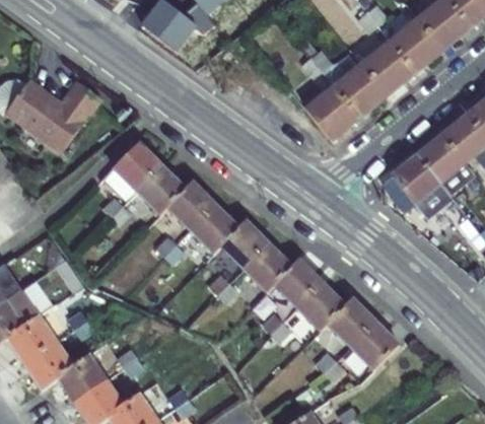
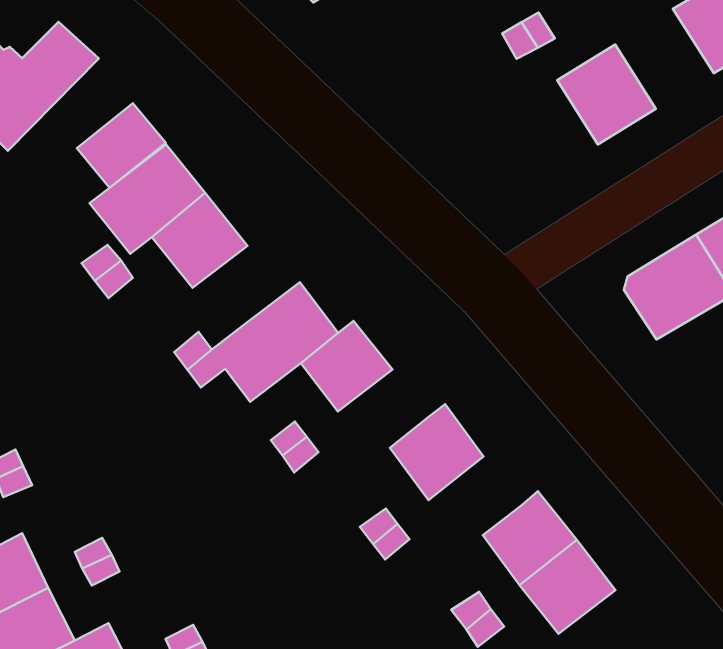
building: [361,39,414,91] -> none
building: [304,83,359,137] -> none
building: none -> [77,103,166,188]
building: [167,183,215,231] -> none
building: [244,243,291,292] -> none
building: [296,282,345,331] -> none

